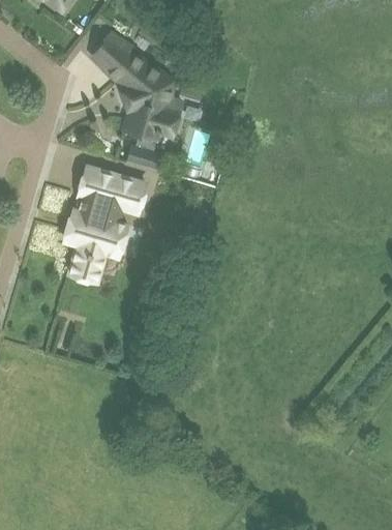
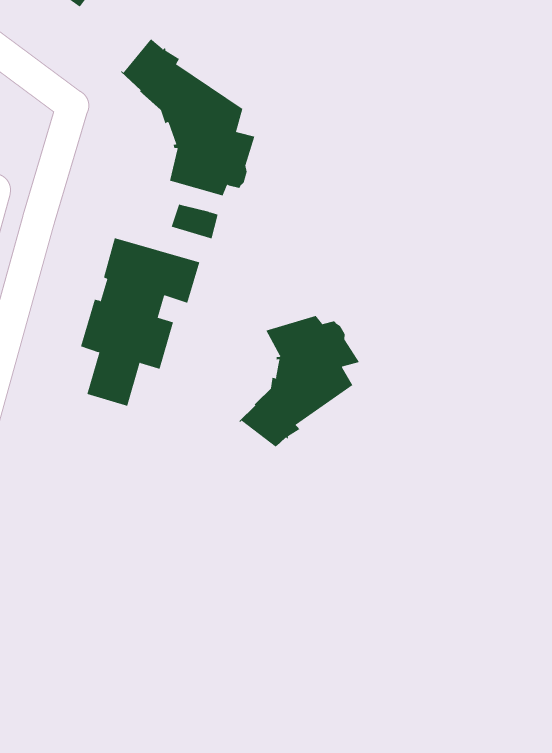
building: none -> [238,315,360,448]

